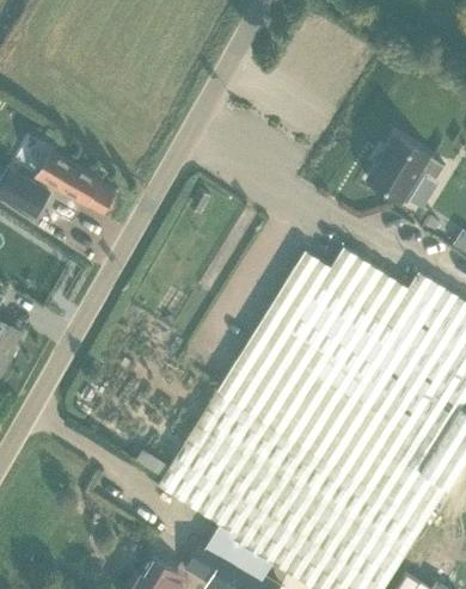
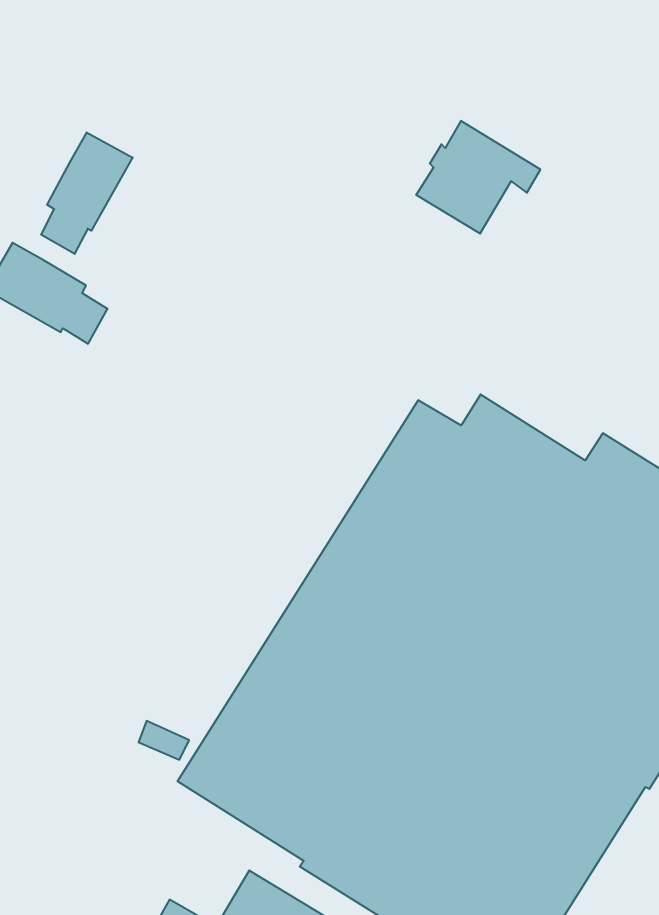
building: none -> [41,132,133,254]
building: [367,137,443,207] -> [416,121,540,234]

